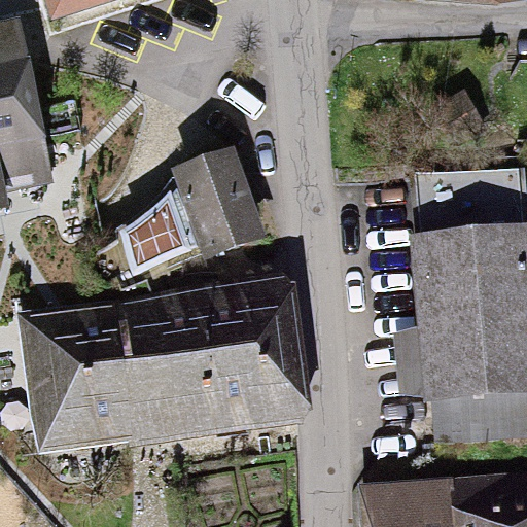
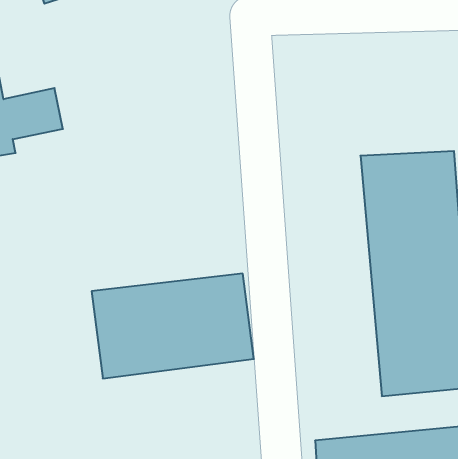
building: [120,156,267,279] -> none
building: [44,328,129,434] -> none

